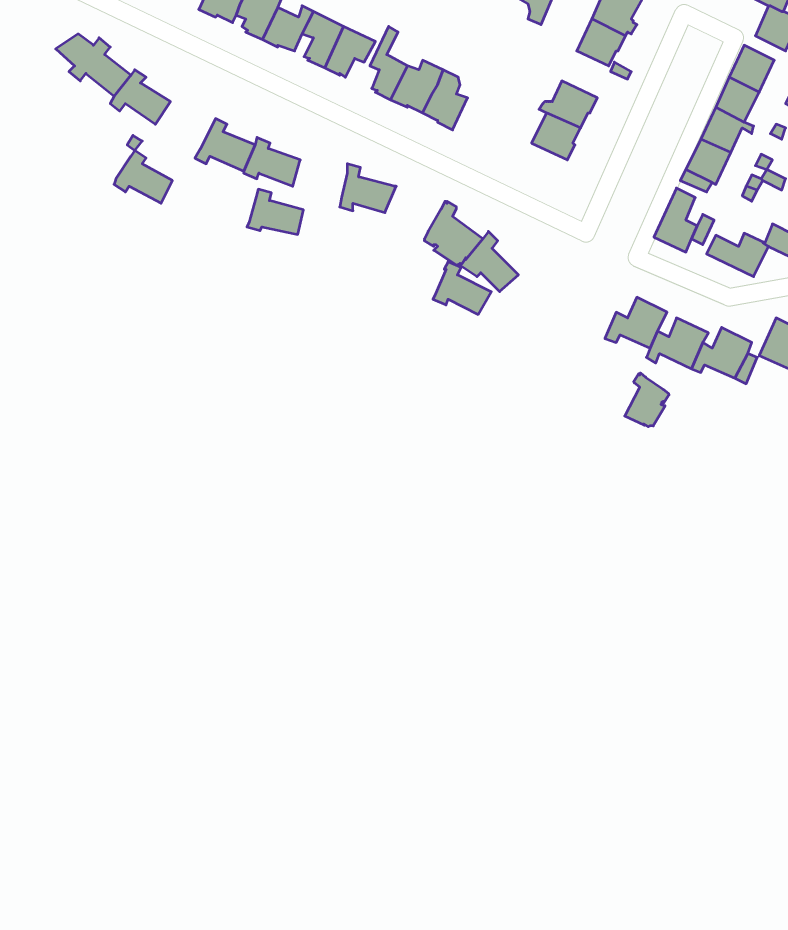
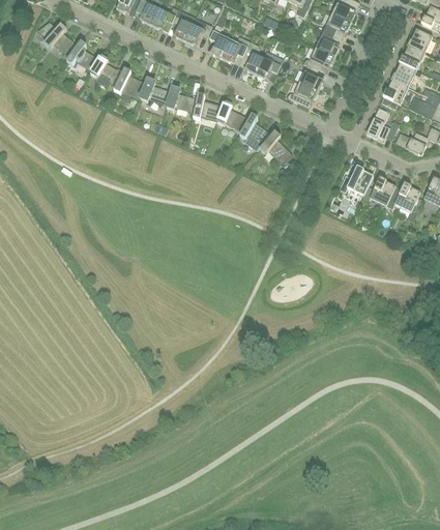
building: none -> [315,31,341,57]
building: none -> [255,57,283,82]
building: none -> [287,82,318,108]
building: [114,151,172,203] -> [90,56,122,85]
building: [247,189,303,234] -> [166,87,197,112]
building: [433,262,491,314] -> [216,101,248,130]
building: [625,373,669,427] -> none

